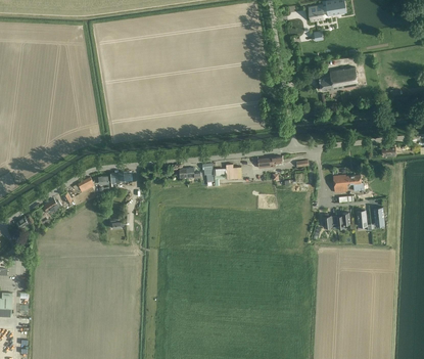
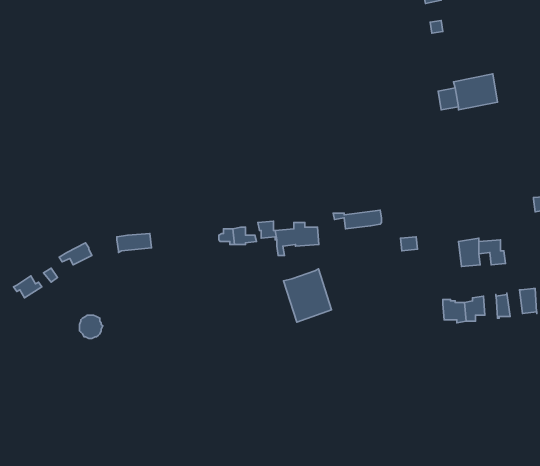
building: none -> [284,269,332,322]

